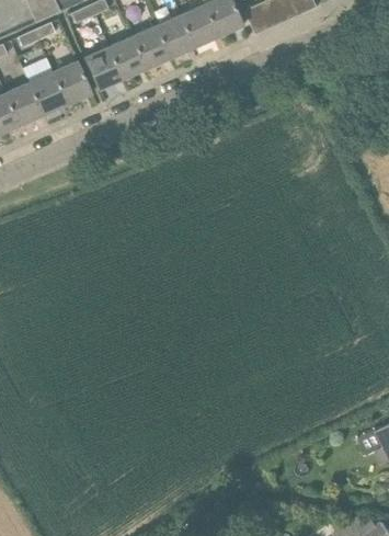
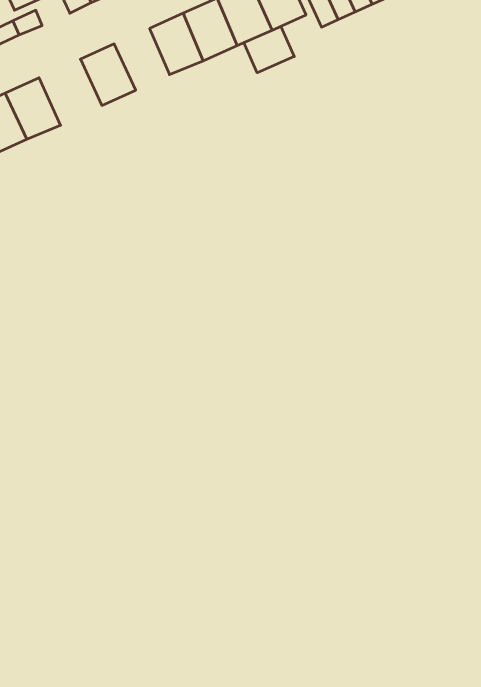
building: none -> [244,26,294,73]
building: [107,35,147,79] -> none
building: [54,59,93,104] -> none

